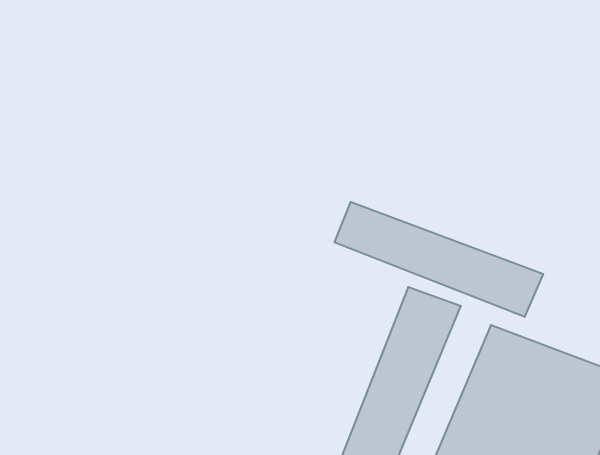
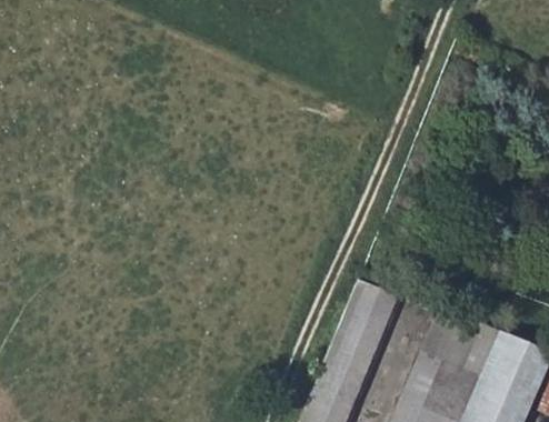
building: [335,202,543,317] -> none

